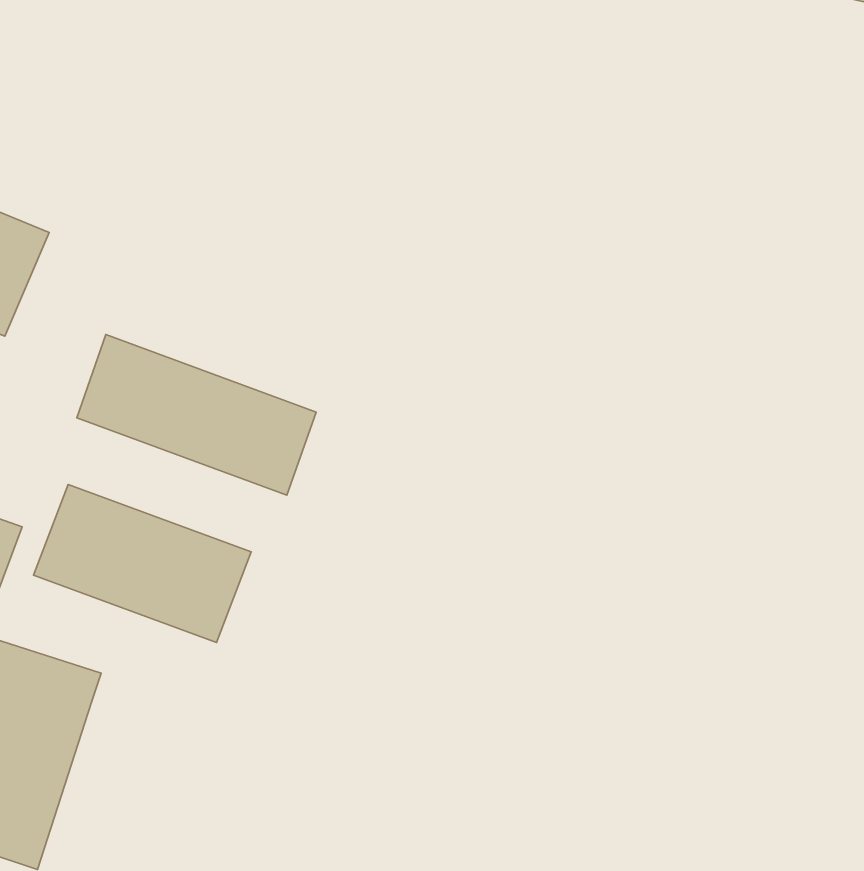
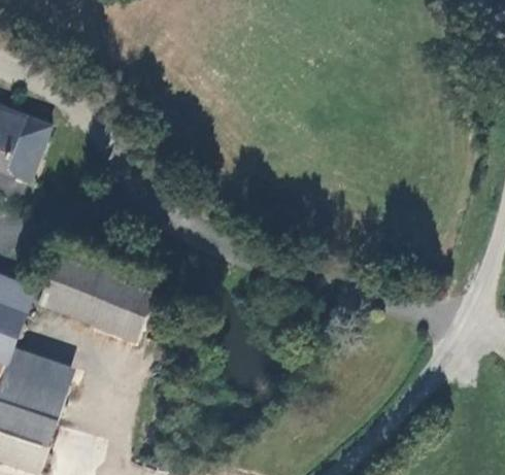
building: [77,335,316,495] -> none

